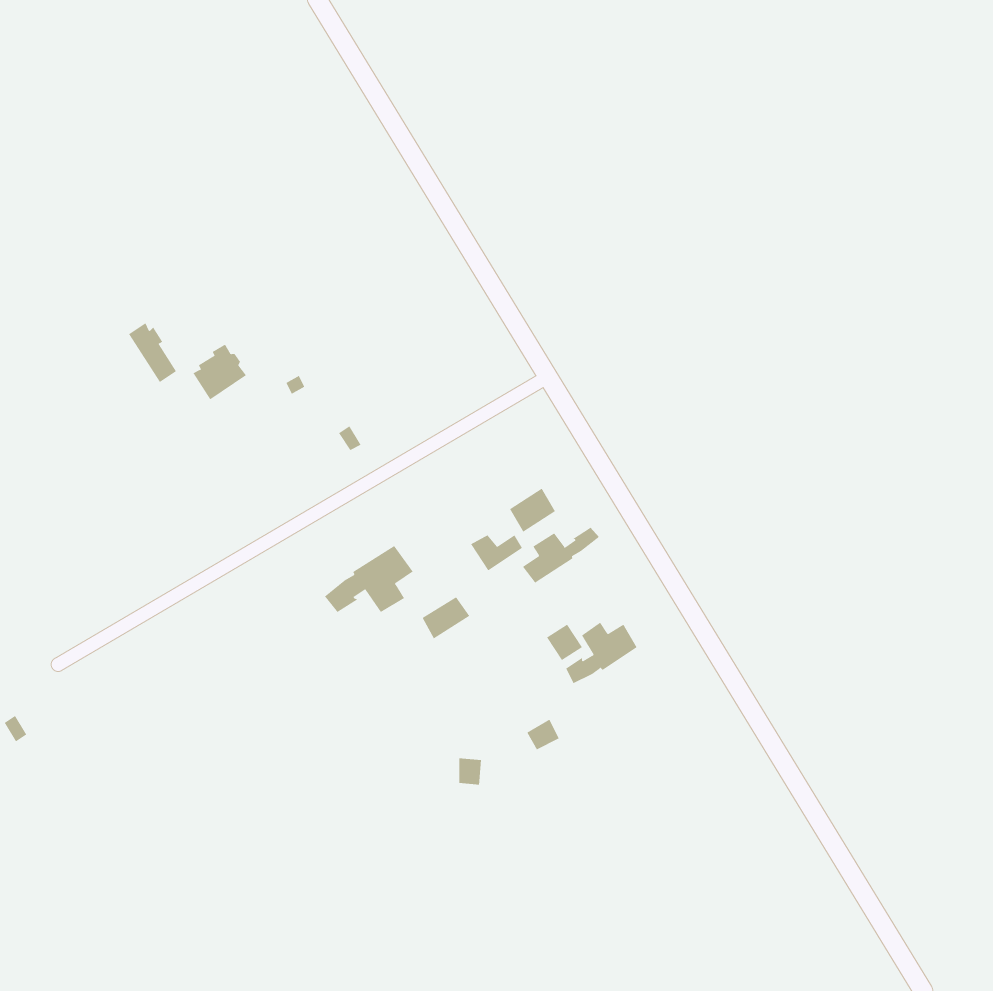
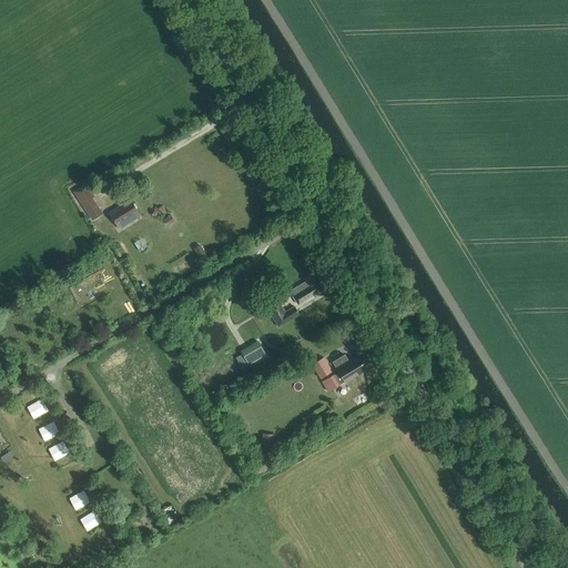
building: [522,527,600,583] -> none
building: [324,545,413,613] -> none

